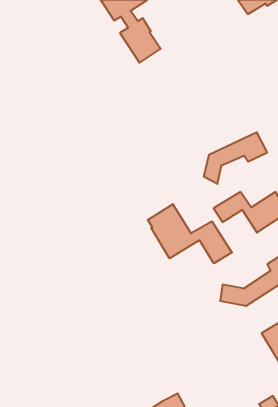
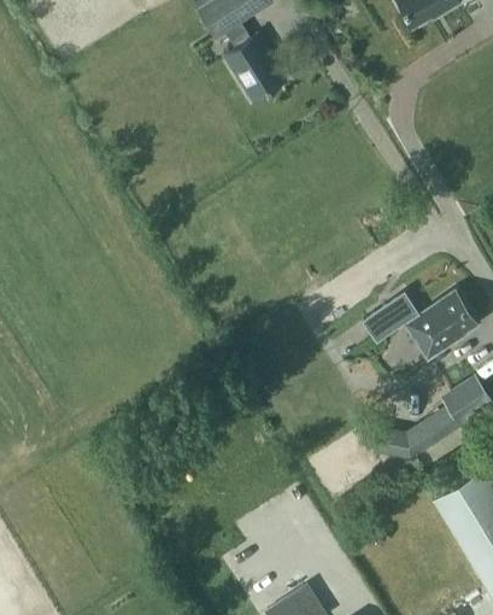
building: [204,132,267,184] -> none
building: [148,204,232,263] -> none

